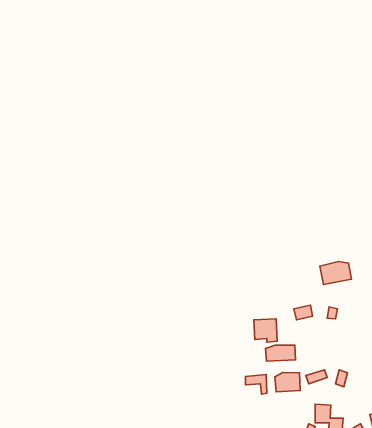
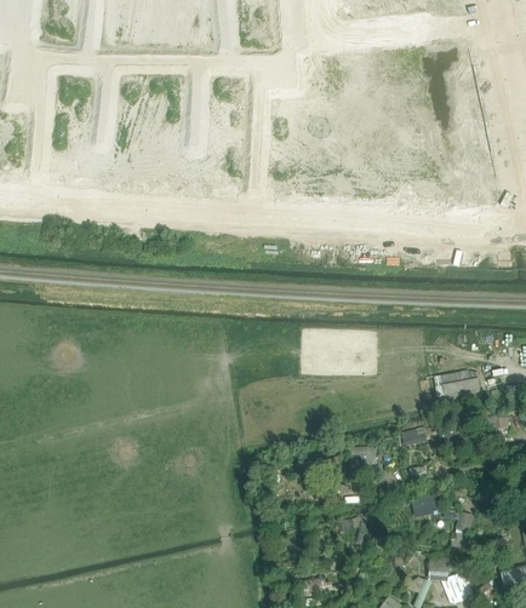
building: [266,345,295,361] -> none
building: [275,373,300,392] -> none

